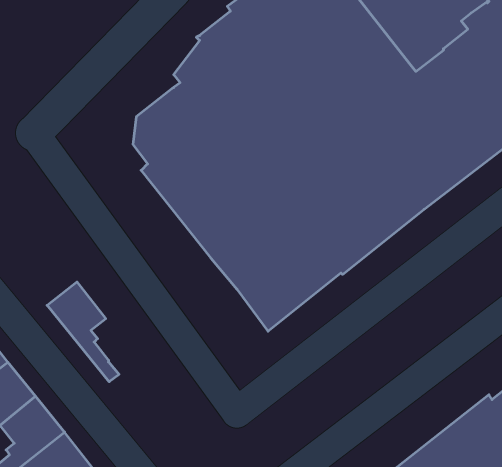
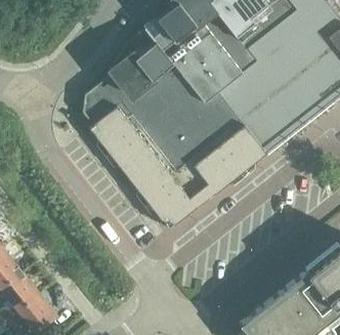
building: [47,282,119,382] -> none

